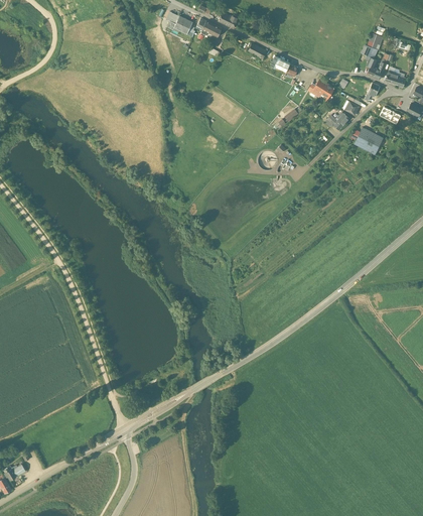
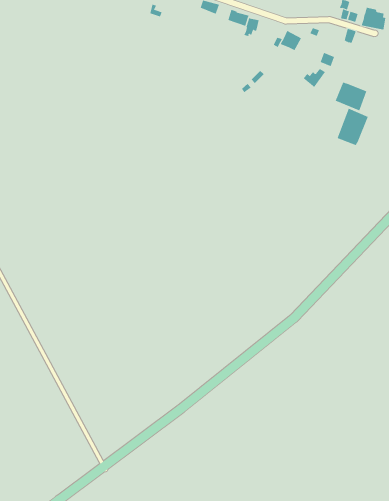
building: none -> [337,108,368,146]

